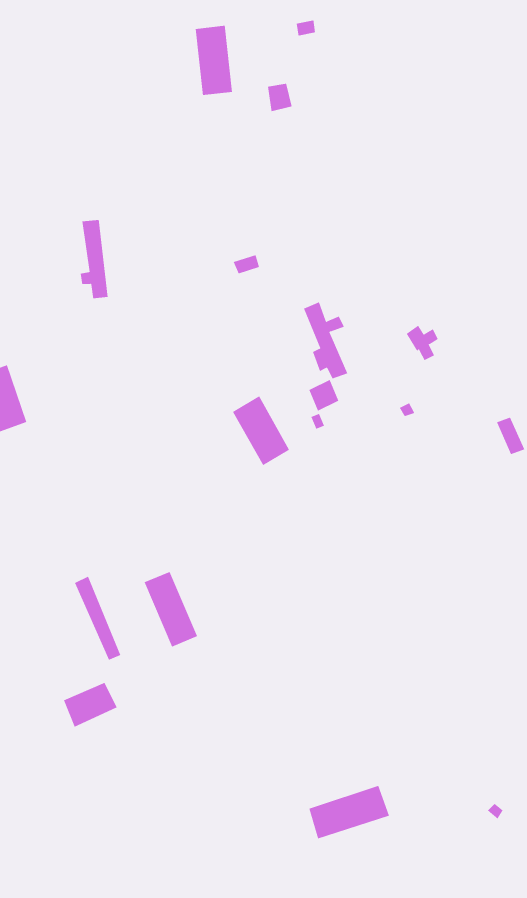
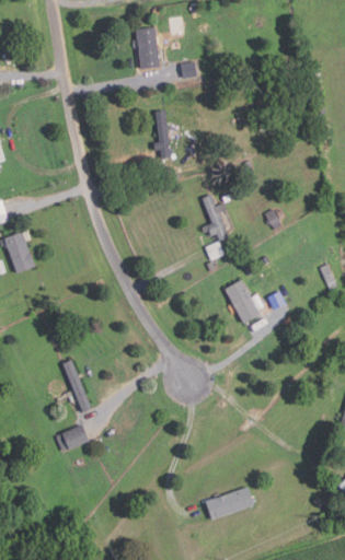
building: [80,219,109,299] -> [153,110,171,159]
building: [232,396,290,466] -> [225,280,260,323]
building: [144,571,198,647] -> none

